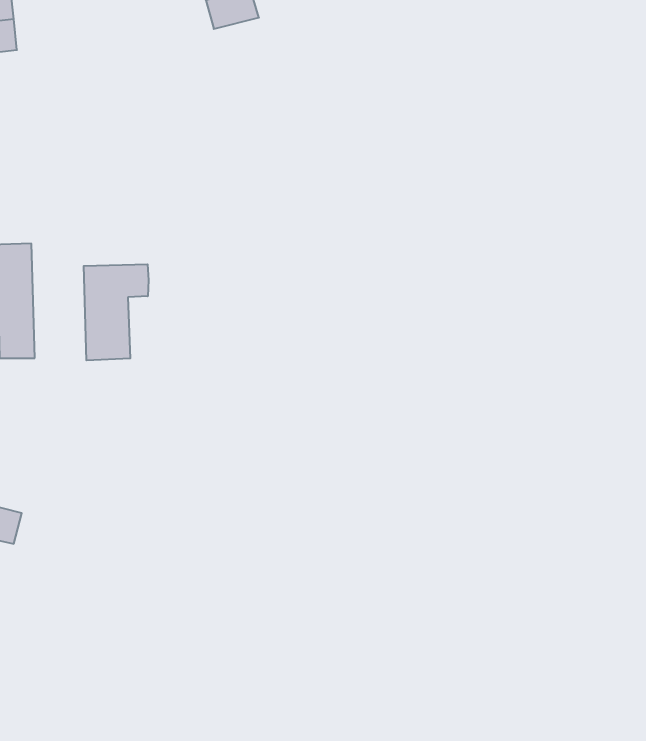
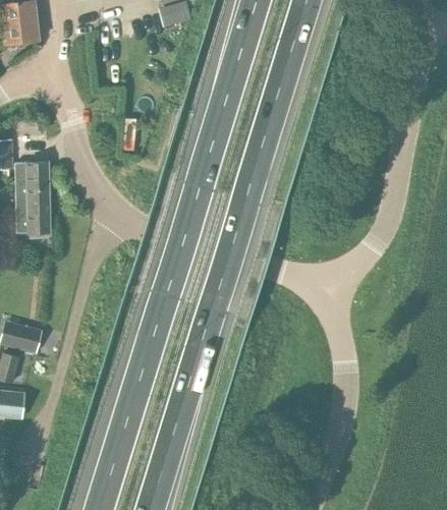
building: [84,264,149,360] -> none

